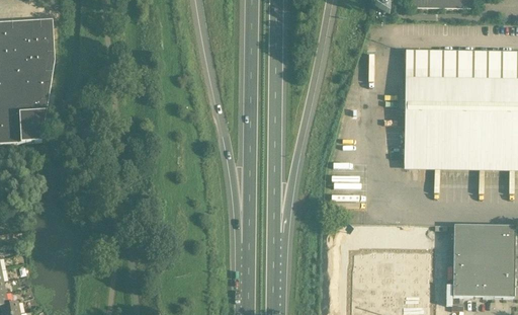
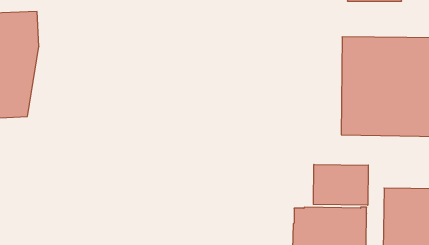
building: none -> [313,164,368,205]

